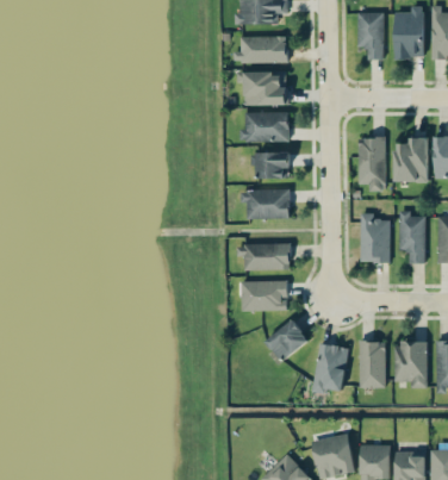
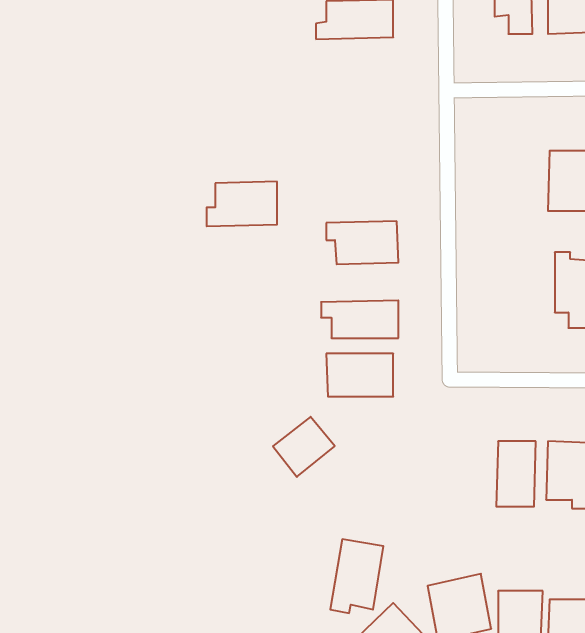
building: [237,70,287,105] -> none
building: [239,111,288,142] -> [207,182,277,226]
building: [359,137,385,191] -> none
building: [256,151,290,177] -> none
building: [361,212,390,262] -> none
building: [266,319,309,361] -> [273,417,335,477]
building: [311,342,348,393] -> [330,539,383,613]

